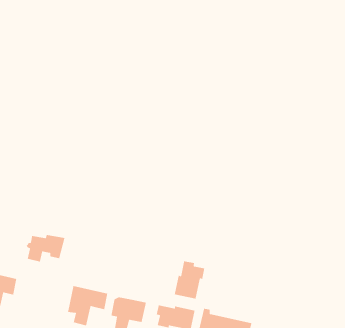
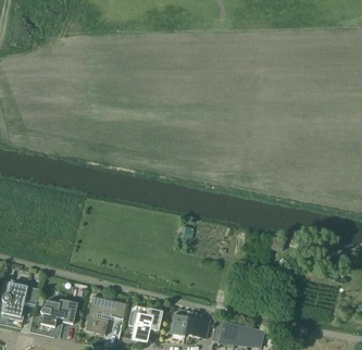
building: [26,234,66,263] -> [40,299,78,326]
building: [174,260,206,299] -> none

